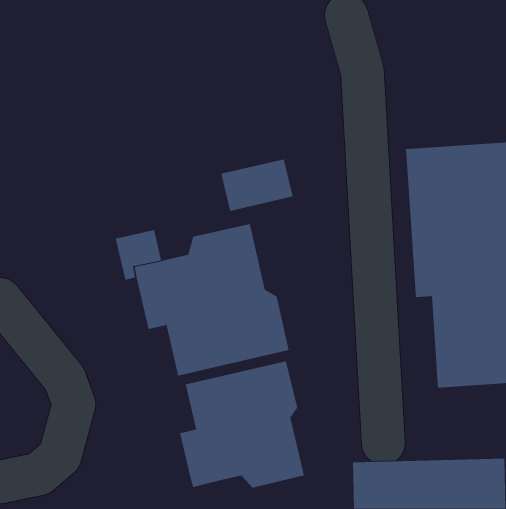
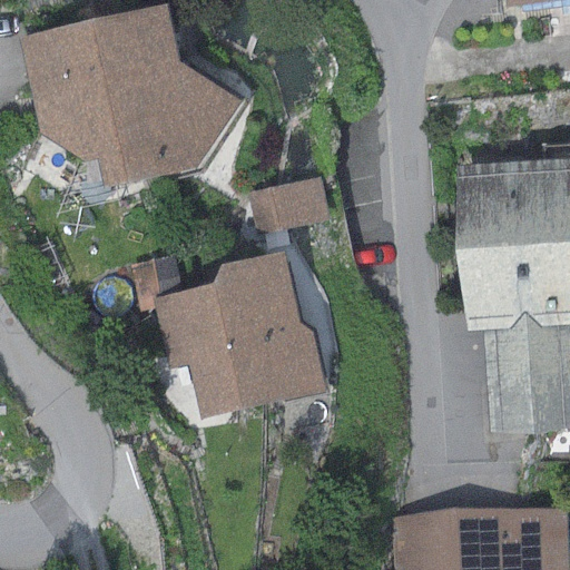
building: none -> [21,7,243,187]
building: [179,360,304,488] -> none

